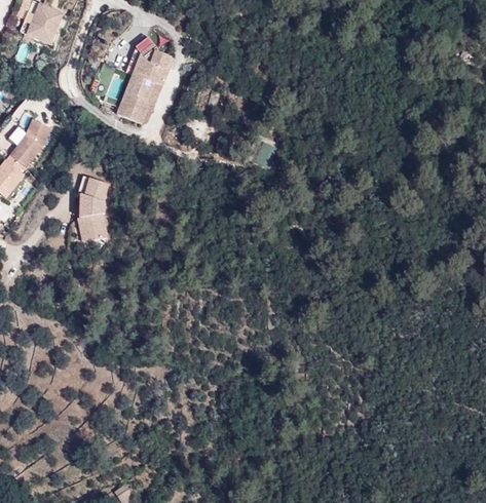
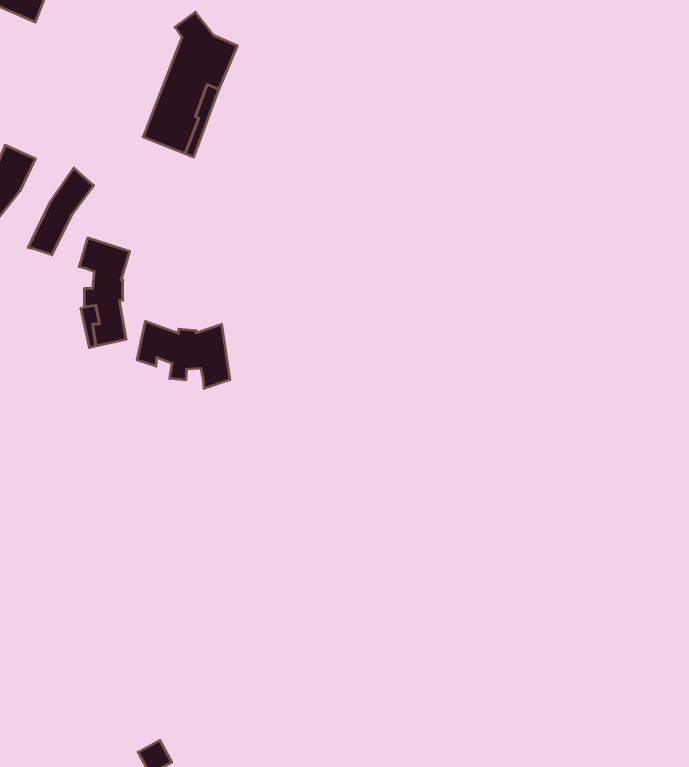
building: none -> [28,168,94,255]
building: none -> [137,321,230,389]

